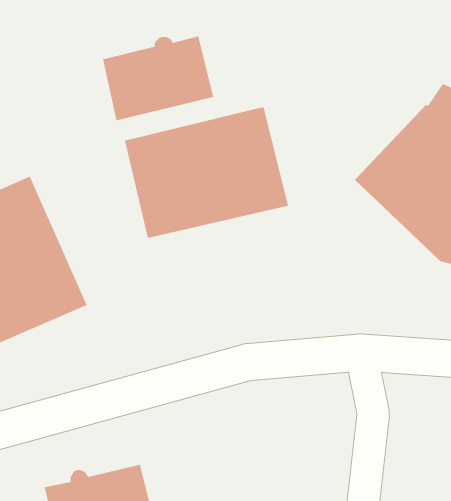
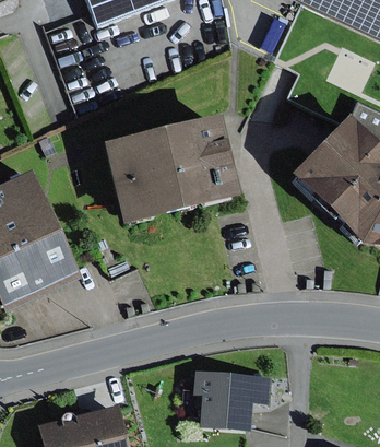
building: [102,36,214,121] -> none
building: none -> [194,368,272,430]

